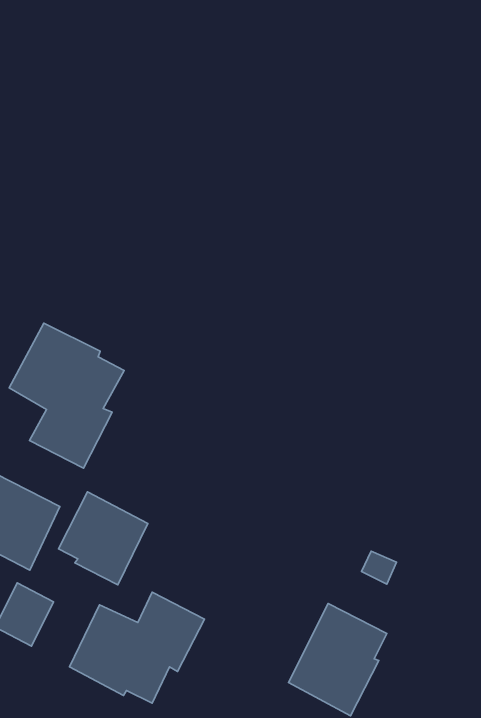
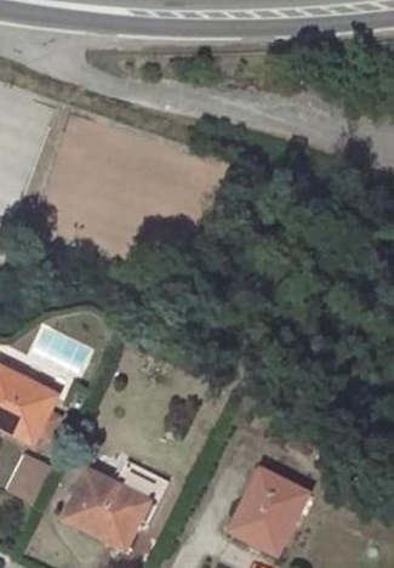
building: [9,323,124,468] -> none
building: [58,492,148,585] -> none

